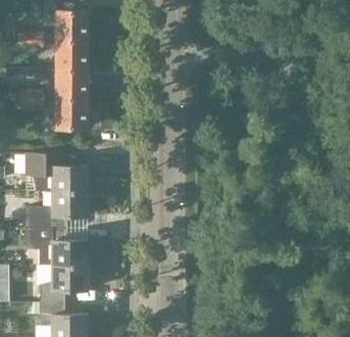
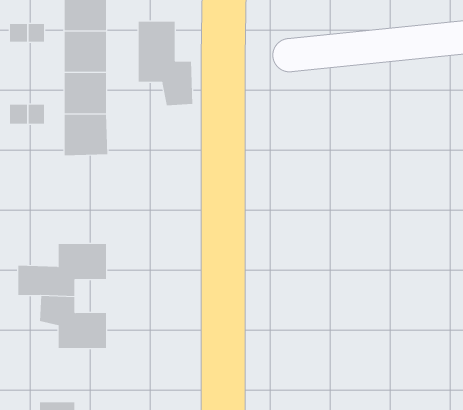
building: none -> [138,21,193,106]
building: [26,153,89,190] -> none
building: [41,264,89,302] -> none

